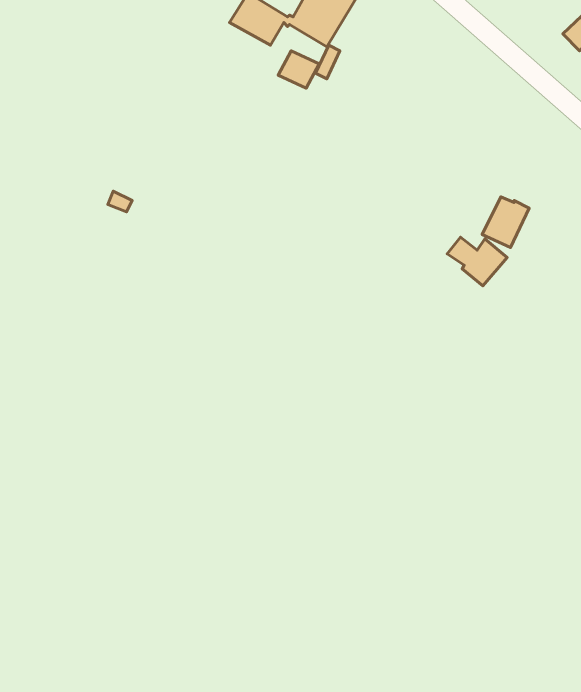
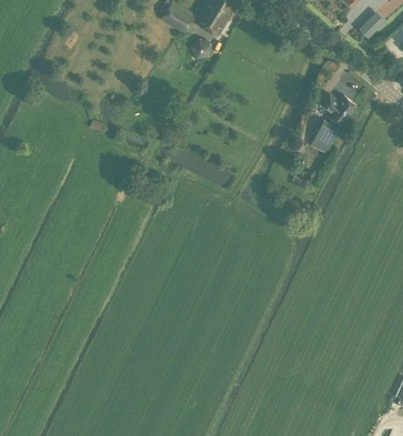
building: [447,237,507,286] -> [321,94,356,123]

